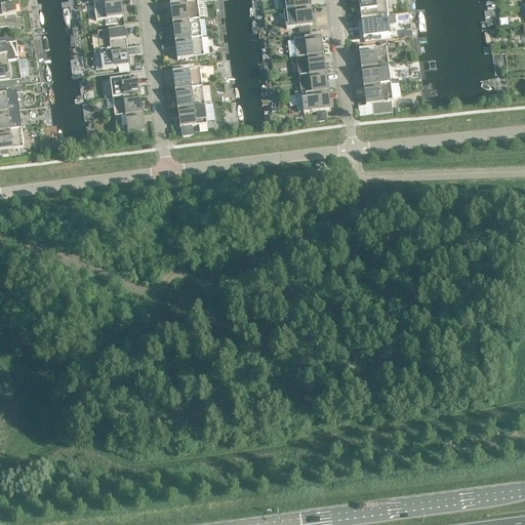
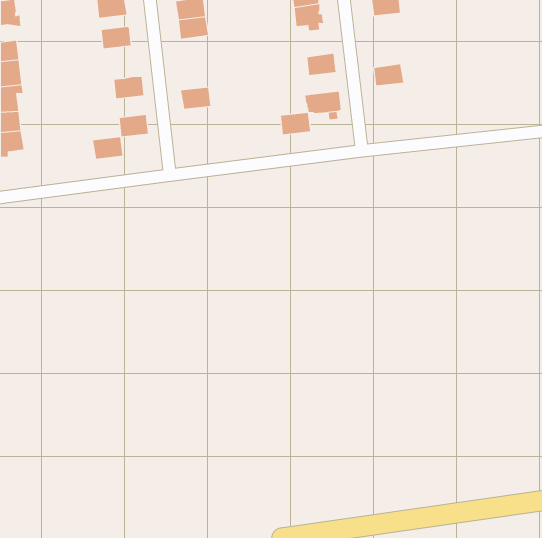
building: [361,12,391,35] -> none
building: [293,33,323,55] -> none
building: [174,34,204,56] -> none
building: [358,43,388,66] -> none
building: [99,44,129,67] -> none
building: [172,66,202,87] -> none
building: [298,70,328,91] -> [280,112,311,135]
building: [363,80,393,113] -> none
building: [112,92,142,114] -> [92,137,123,159]
building: [177,103,207,125] -> none

